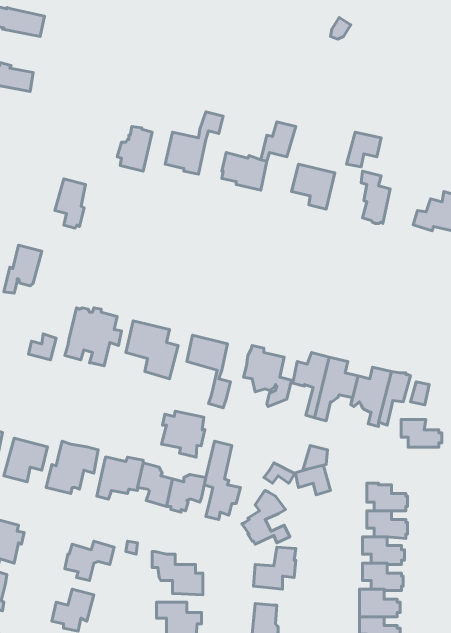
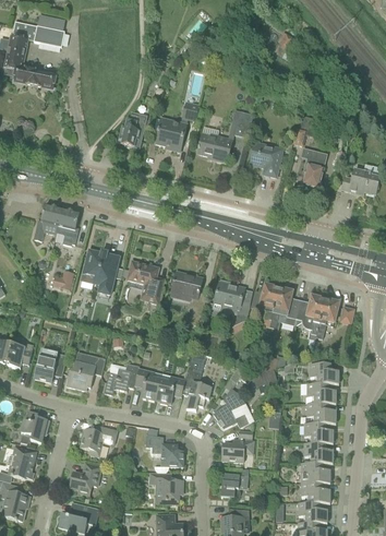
building: [55,179,85,228] -> [56,207,79,245]
building: [161,411,205,457] -> none
building: [401,420,442,447] -> [310,362,340,383]

